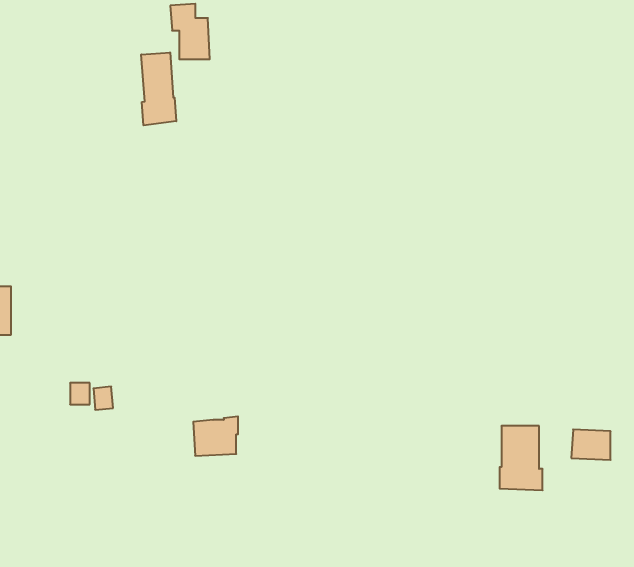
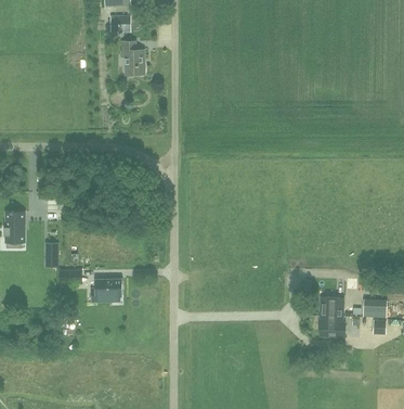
building: [141,52,176,125] -> none
building: [193,416,238,456] -> [95,277,122,301]

